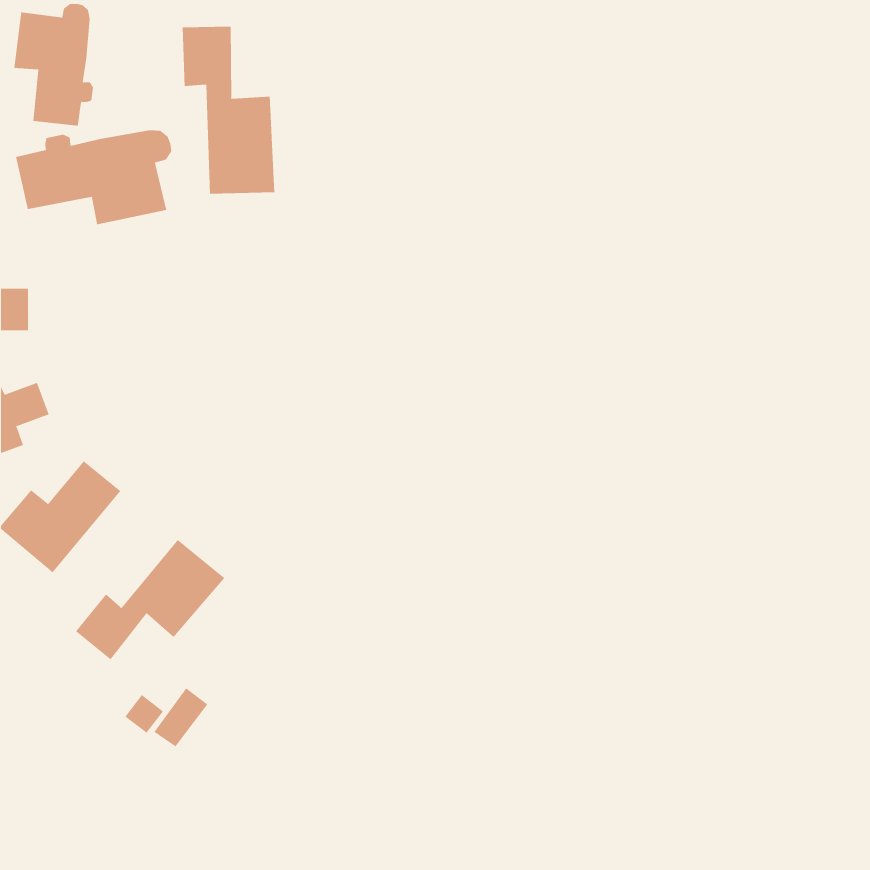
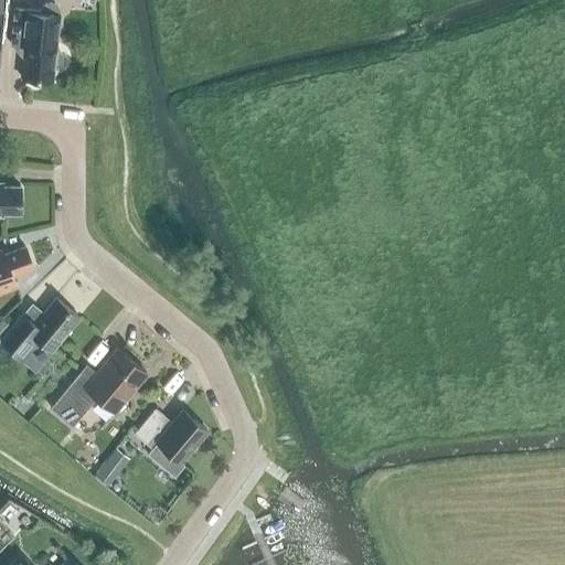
building: [182,26,275,195] -> none
building: [16,129,172,225] -> none
building: none -> [134,409,206,478]

